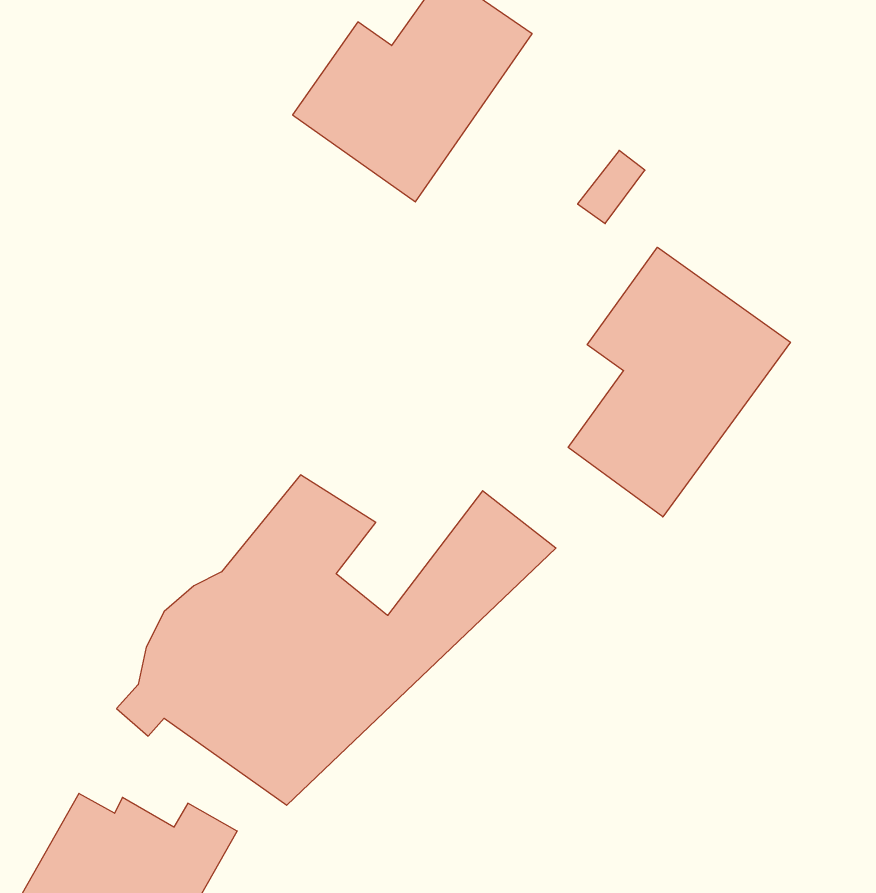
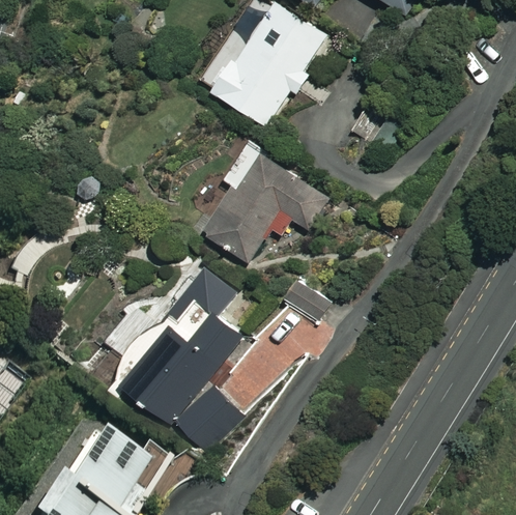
building: none -> [204,143,326,265]
building: [568,247,790,517] -> none

